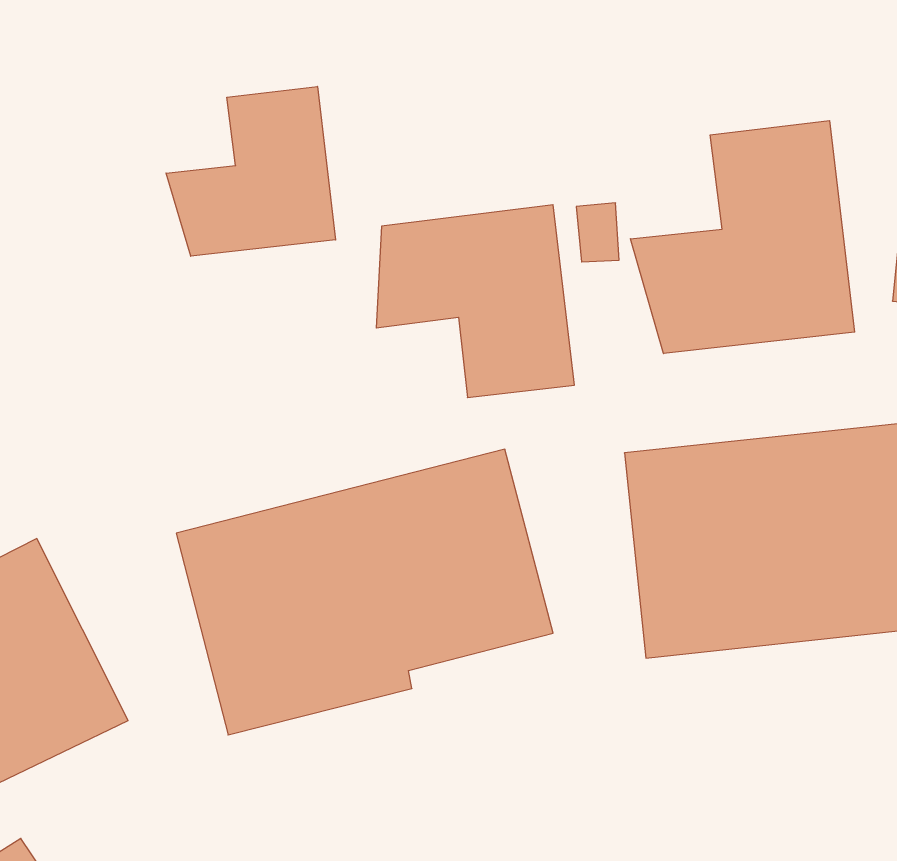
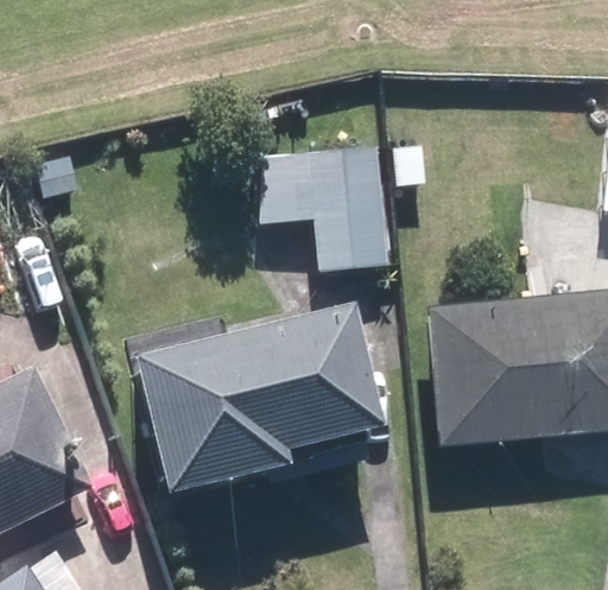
building: [166,86,336,256] -> none
building: [630,121,855,354] -> none

